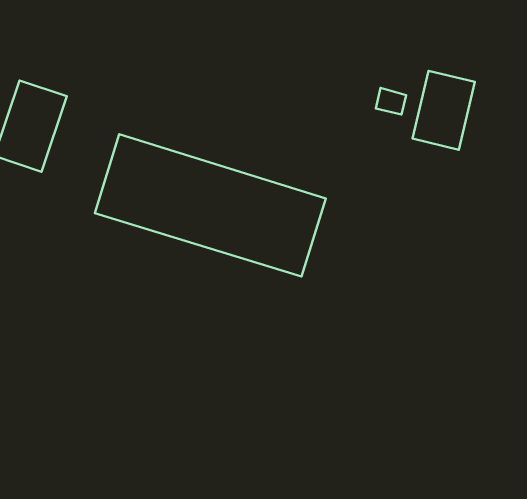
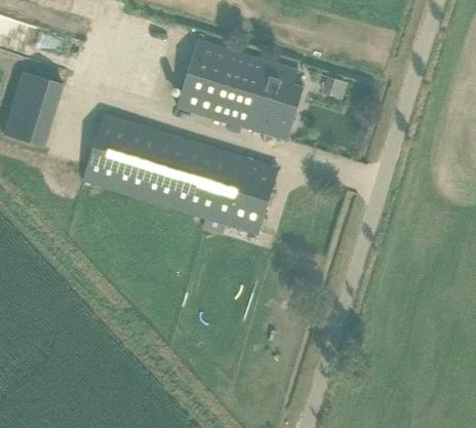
building: none -> [180,40,305,142]
building: [412,71,475,150] -> none

